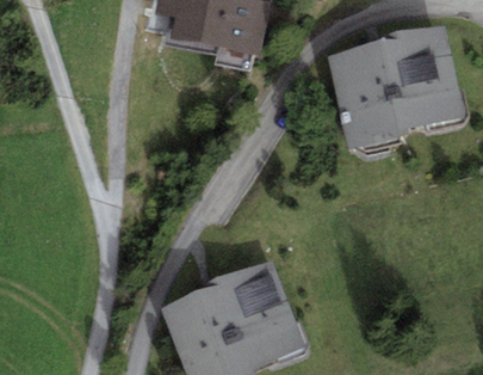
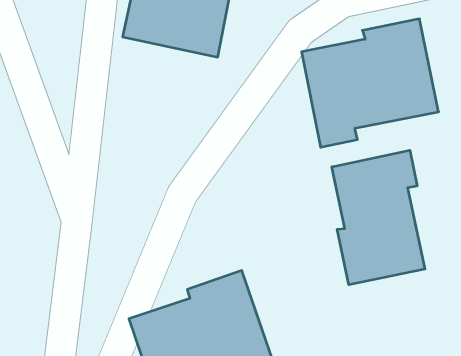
building: none -> [332,150,425,285]

